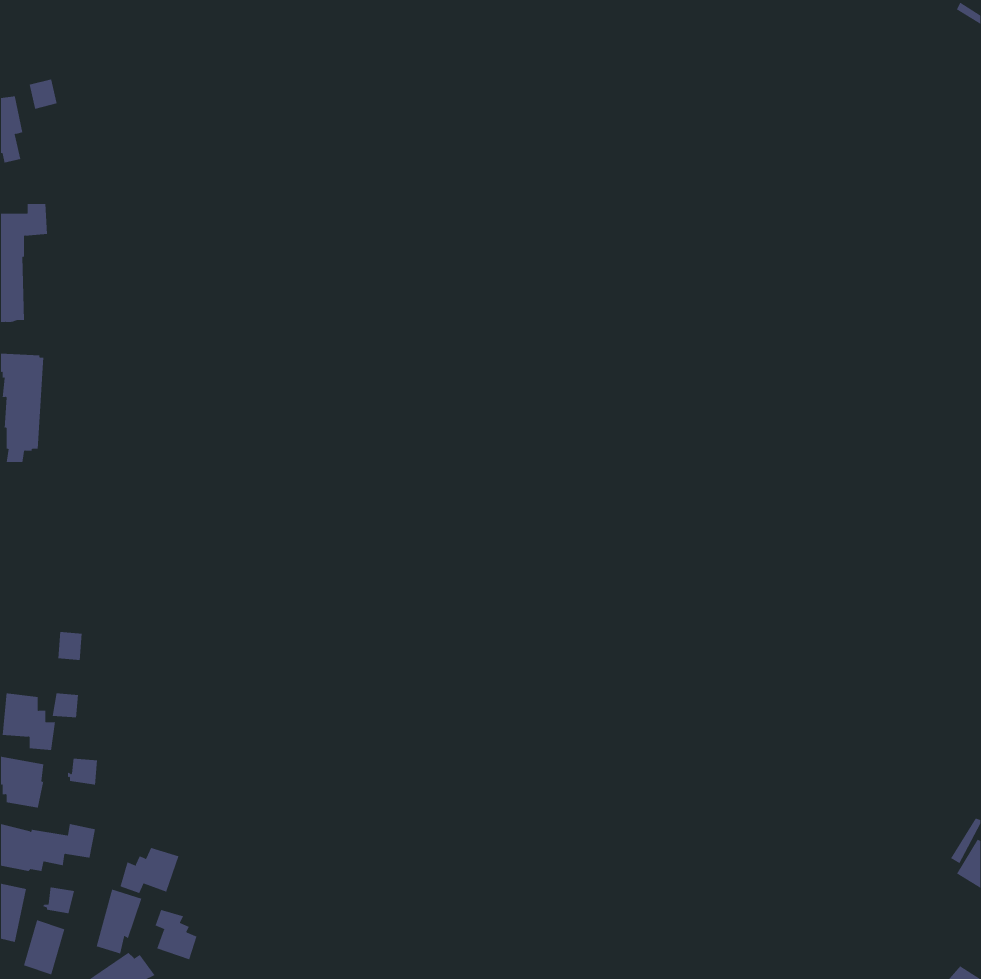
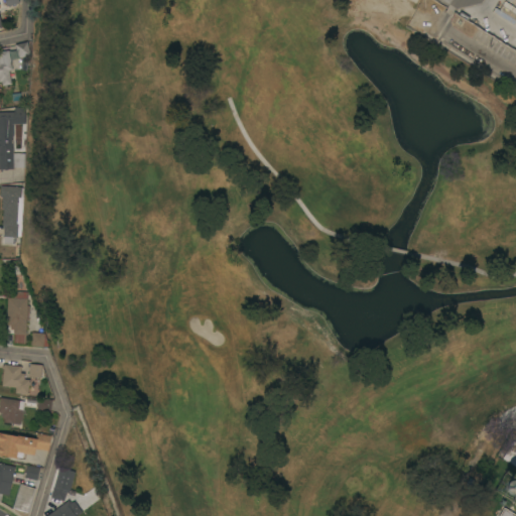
building: none -> [6,292,28,345]
building: [120,847,179,894] -> none
building: [155,909,197,960] -> none

